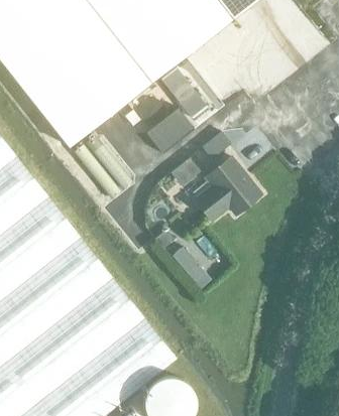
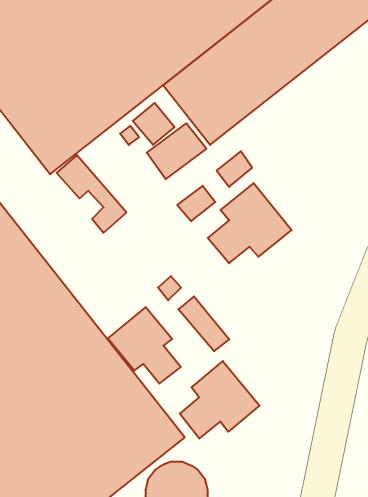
building: none -> [108,307,181,384]
building: none -> [180,361,260,439]

